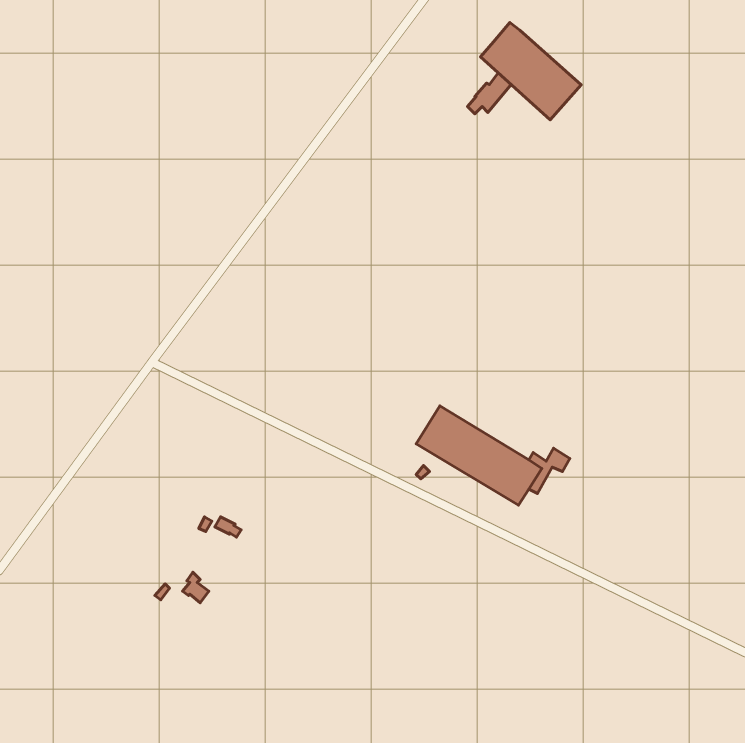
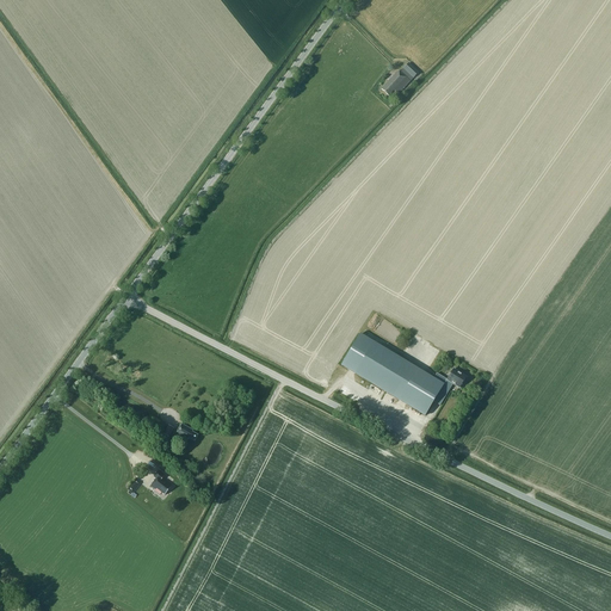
building: [480,22,581,120] -> none

